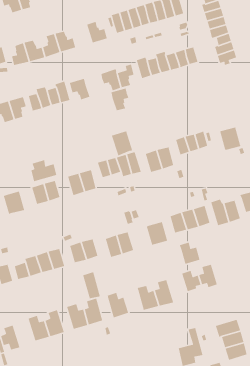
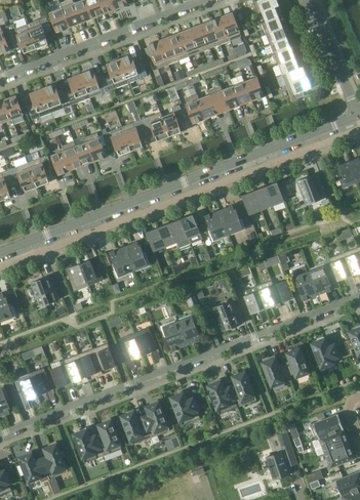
building: none -> [104,59,128,90]
building: [110,87,130,111] -> [122,120,147,151]
building: [111,130,133,156] -> none
building: [30,159,57,182] -> none
building: [179,241,201,265] -> [312,338,341,368]
building: [82,271,101,299] -> none

